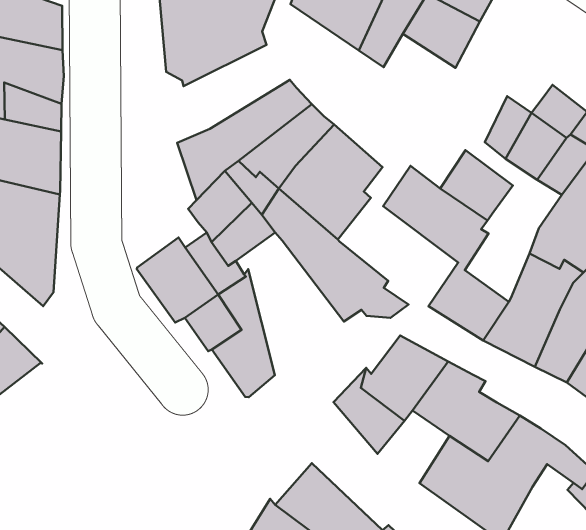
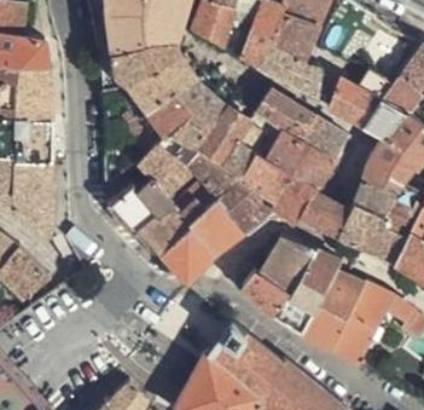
building: none -> [257,40,321,97]
building: none -> [128,54,197,112]
building: none -> [255,86,315,139]
building: none -> [237,149,316,223]
building: none -> [180,181,245,270]
building: none -> [274,285,320,333]

